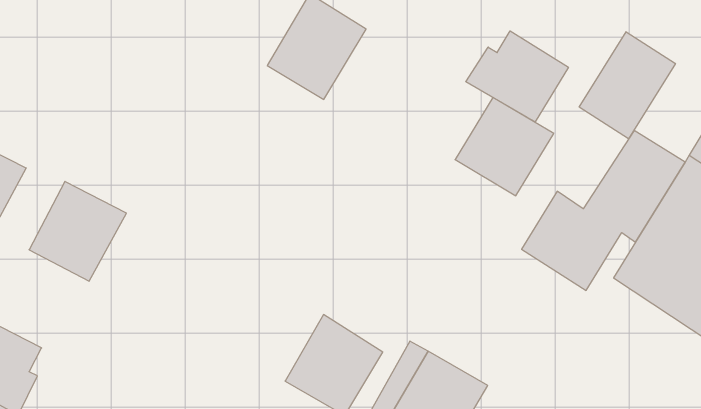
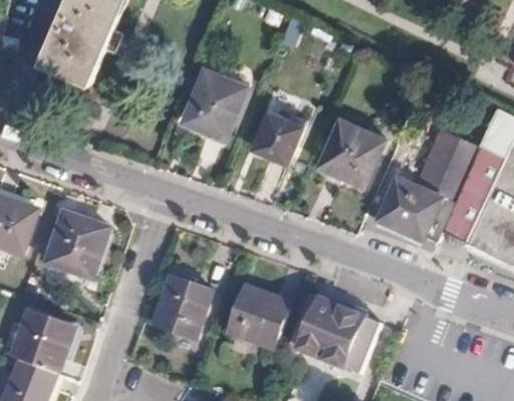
building: [466,31,568,122] -> none
building: [579,32,675,139] -> none
building: none -> [253,113,302,164]
building: none -> [151,280,207,343]

